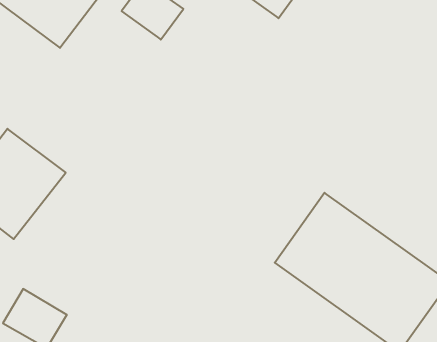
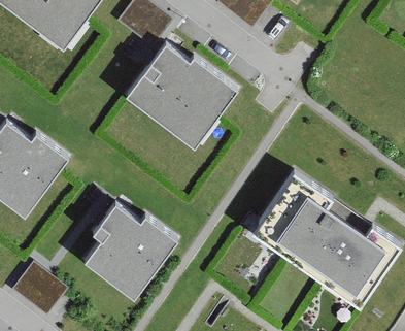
building: none -> [124,36,238,147]
building: none -> [80,202,174,297]

